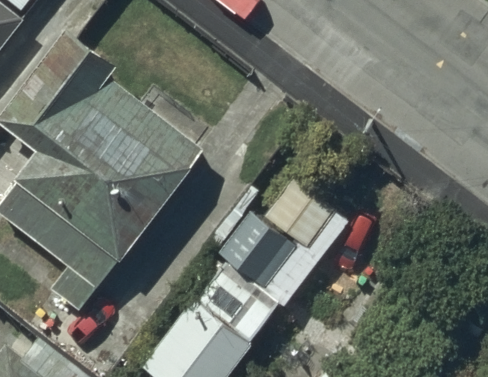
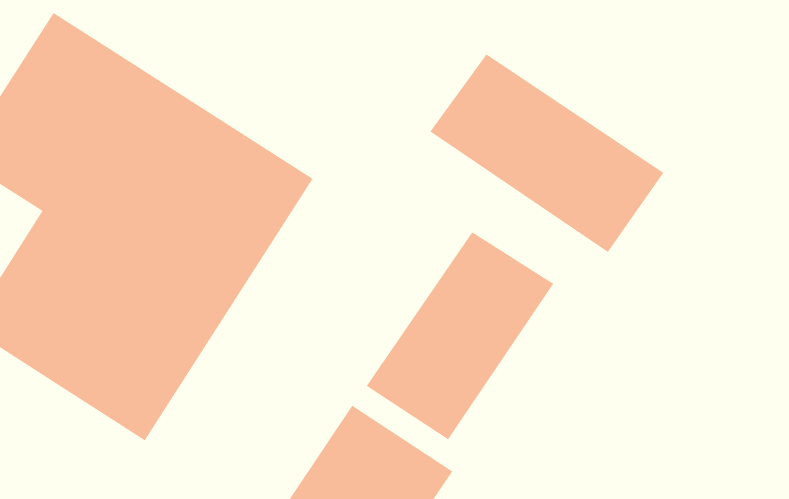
building: none -> [429,54,664,253]

